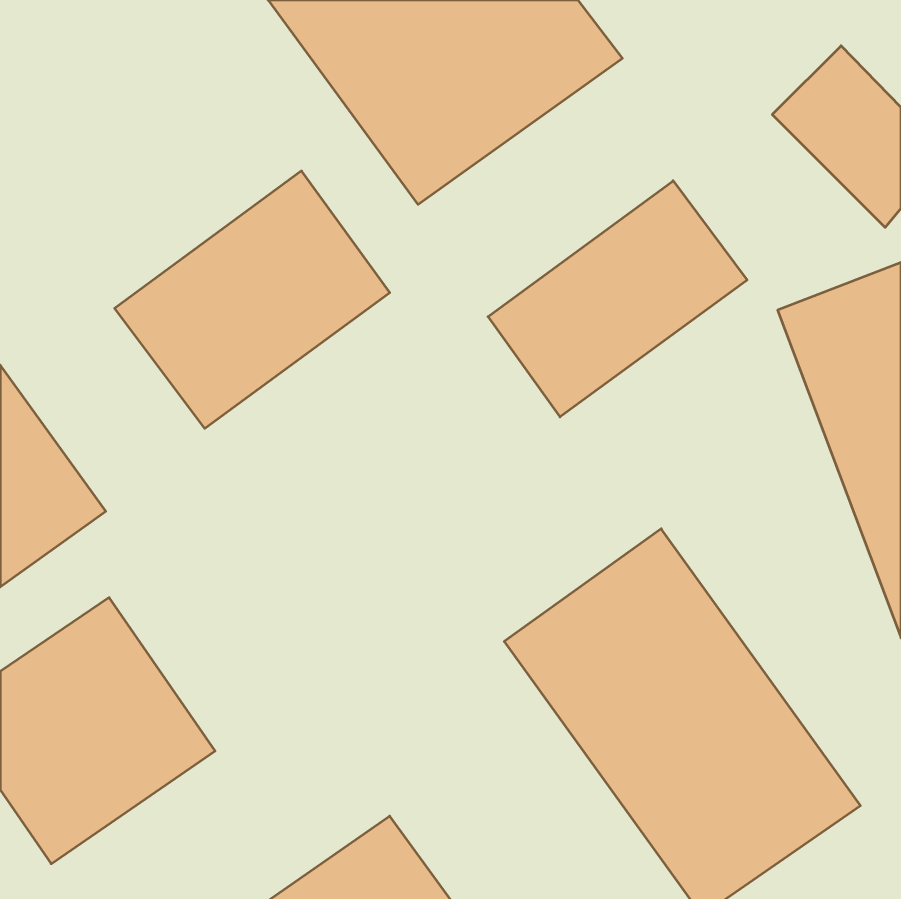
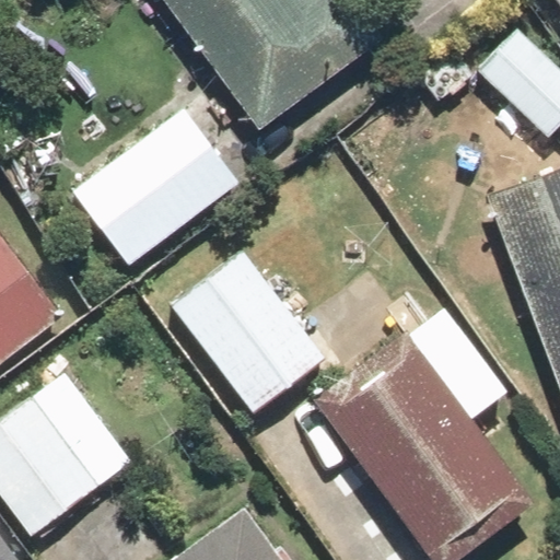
building: [488,181,747,417] -> none
building: none -> [167,226,331,417]

